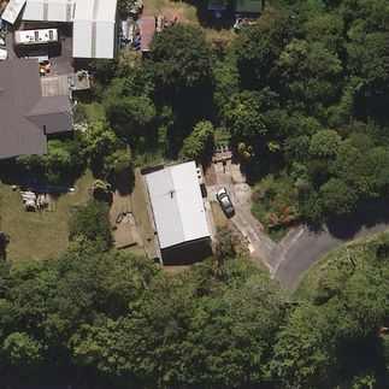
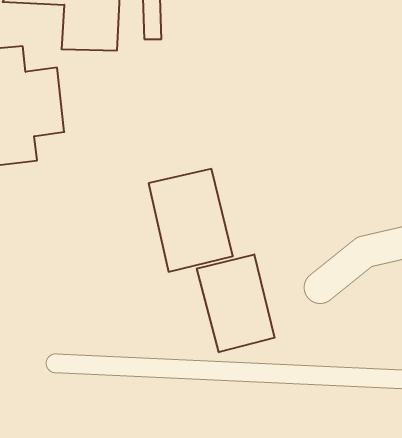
building: none -> [197,254,275,352]

